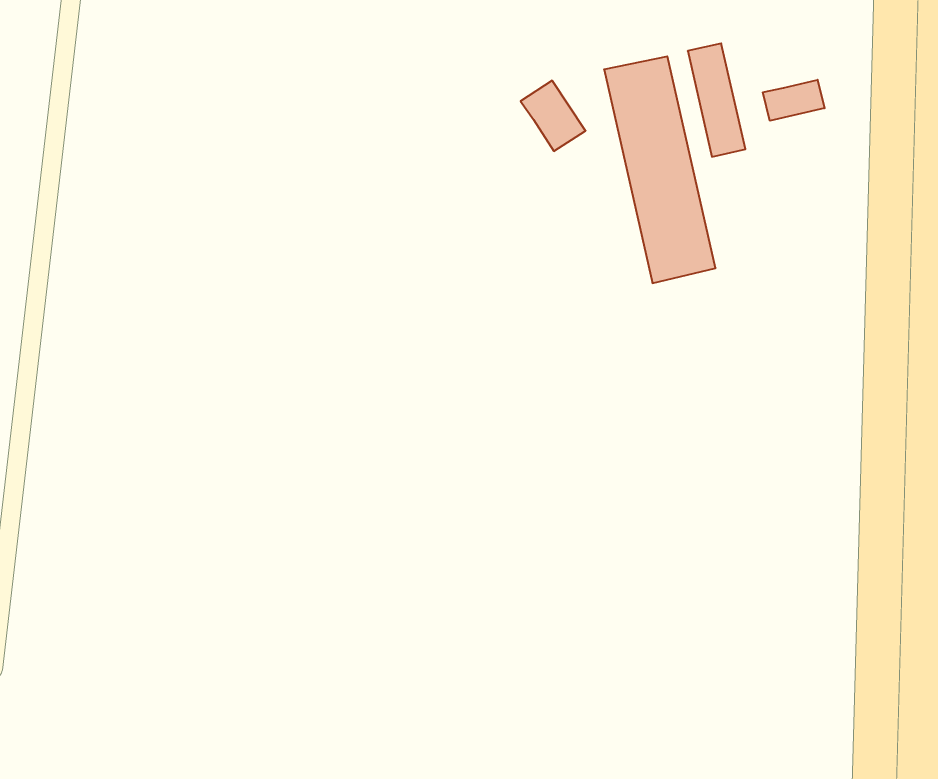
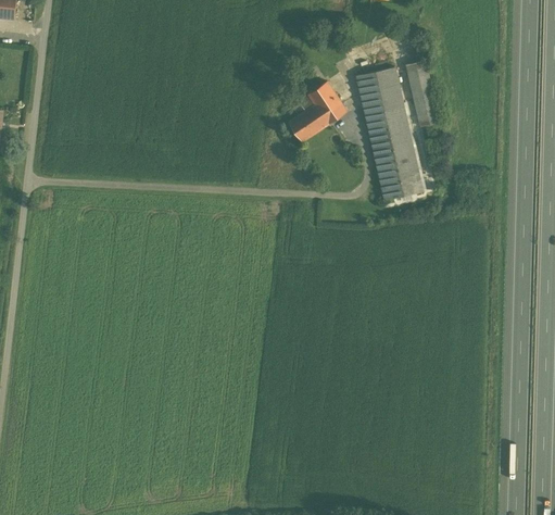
building: [763,80,825,121] -> none
building: none -> [288,104,327,140]

